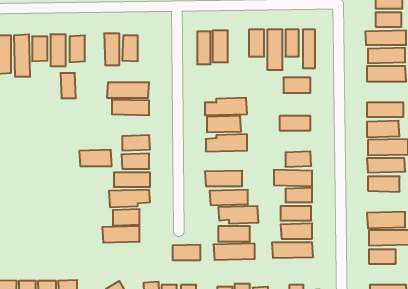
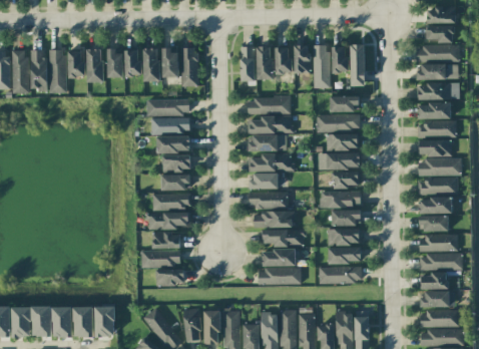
building: none -> [276,45,292,73]
building: none -> [181,48,198,86]
building: [60,73,76,98] -> [124,50,140,76]
building: none -> [248,96,291,114]
building: none -> [418,102,450,117]
building: none -> [317,114,360,129]
building: none -> [318,152,360,169]
building: [79,150,112,166] -> [156,135,190,152]
building: none -> [252,174,286,189]
building: none -> [419,216,448,231]
building: [173,245,200,260] -> [156,269,185,285]
building: none -> [419,291,454,307]

